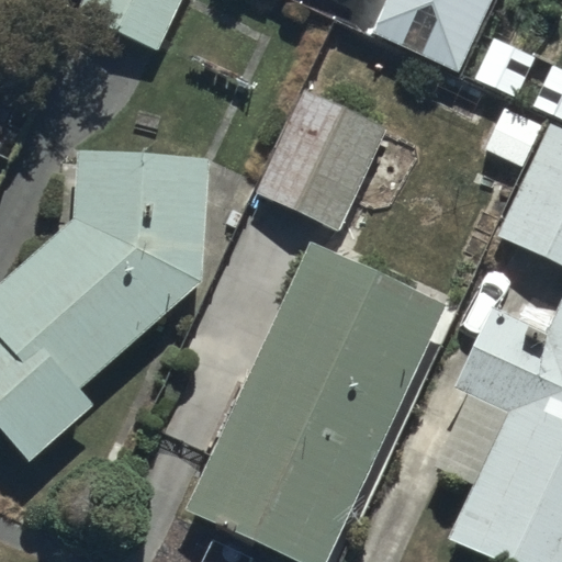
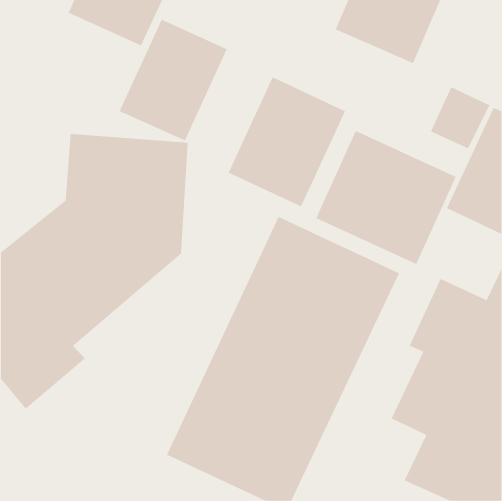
building: none -> [119,19,228,141]
building: none -> [315,130,457,265]

